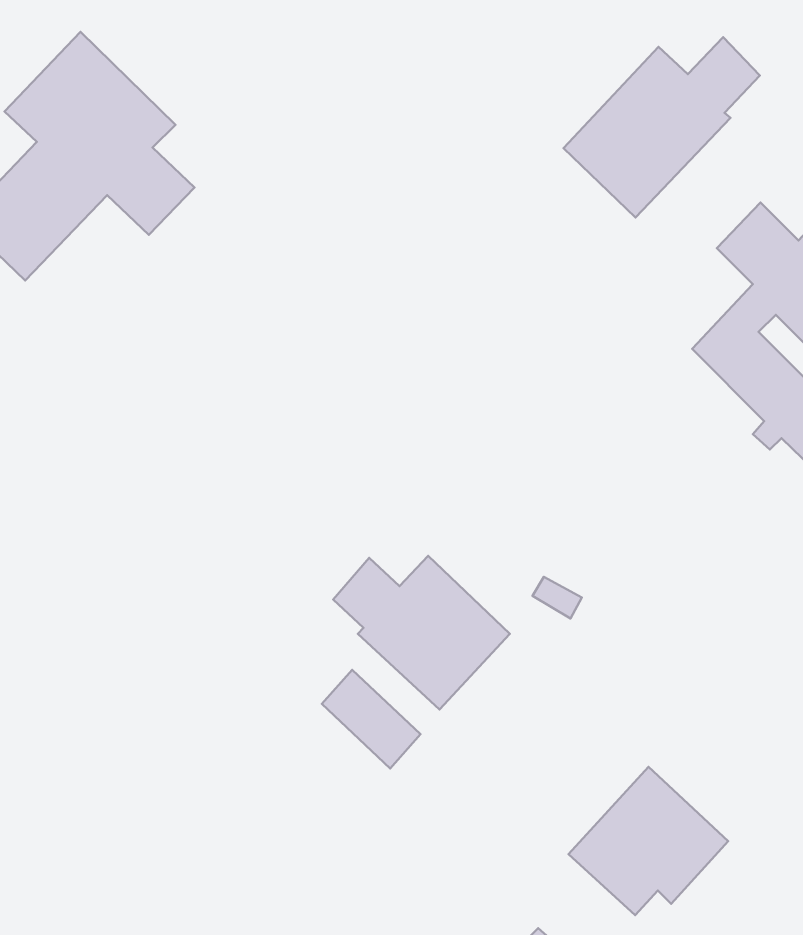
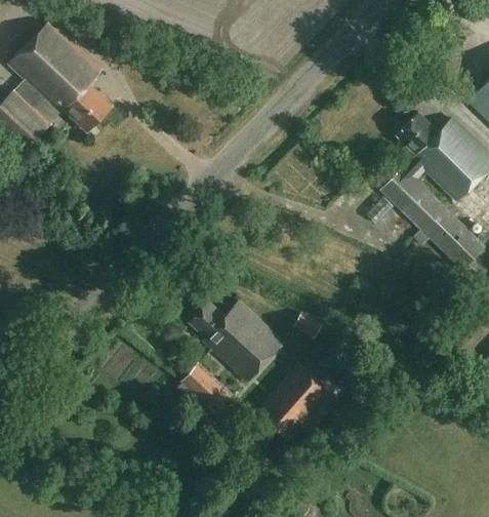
building: [564,37,760,217] -> none
building: [569,767,728,915] -> [257,362,343,442]

